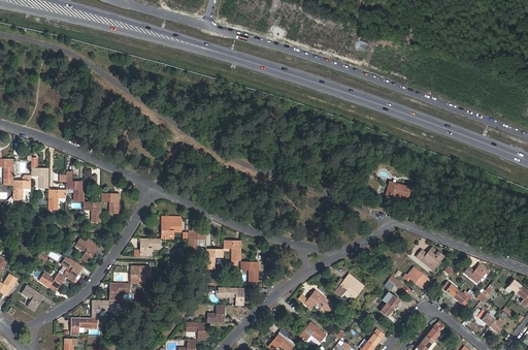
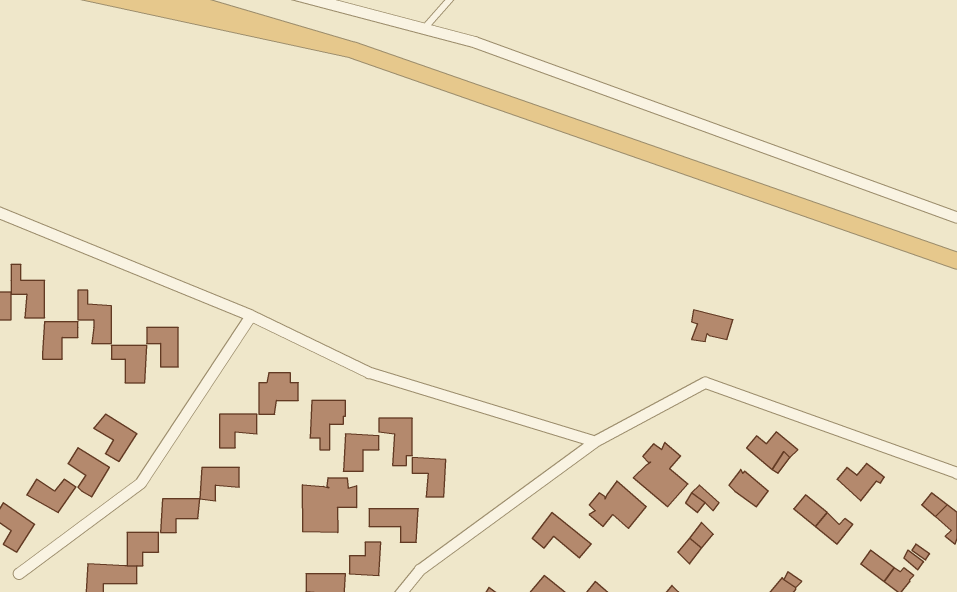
building: none -> [633,442,688,507]
building: none -> [303,478,357,533]

